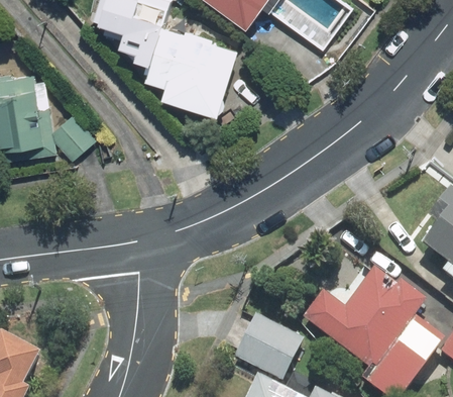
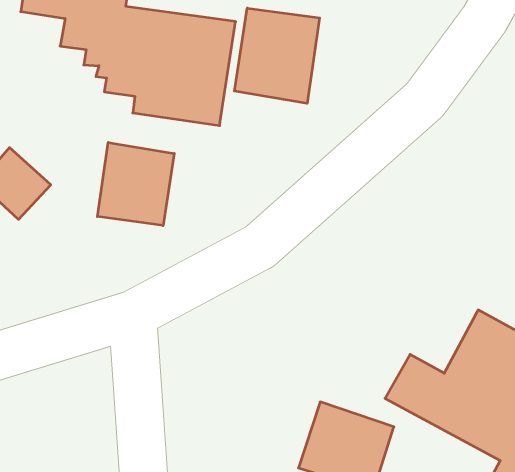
building: none -> [234,8,320,103]
building: none -> [97,142,174,226]

